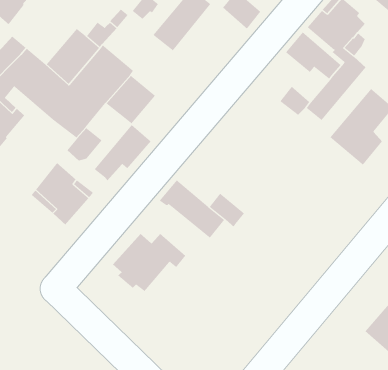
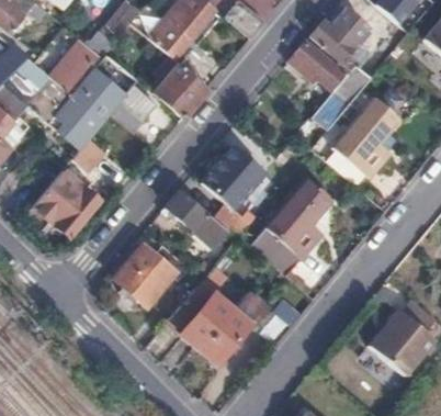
building: none -> [155,61,211,116]
building: [94,124,152,181] -> none
building: none -> [203,144,264,205]
building: none -> [249,177,336,278]
building: none -> [168,263,263,362]

